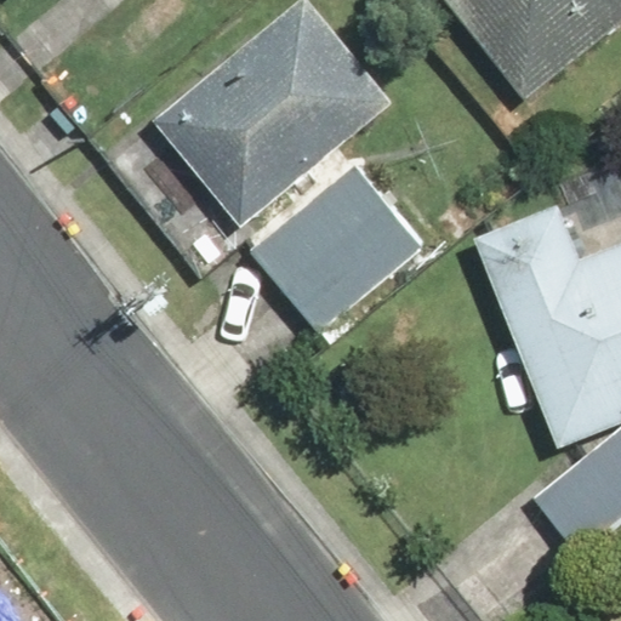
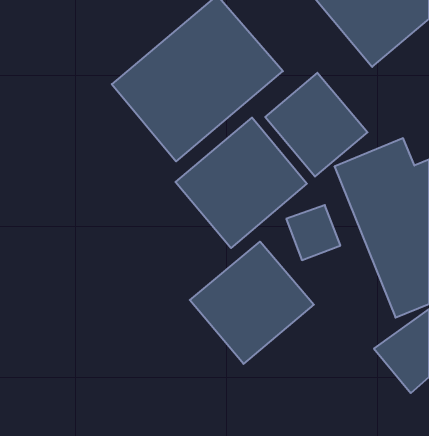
building: none -> [265,73,368,177]
building: none -> [190,242,314,364]

